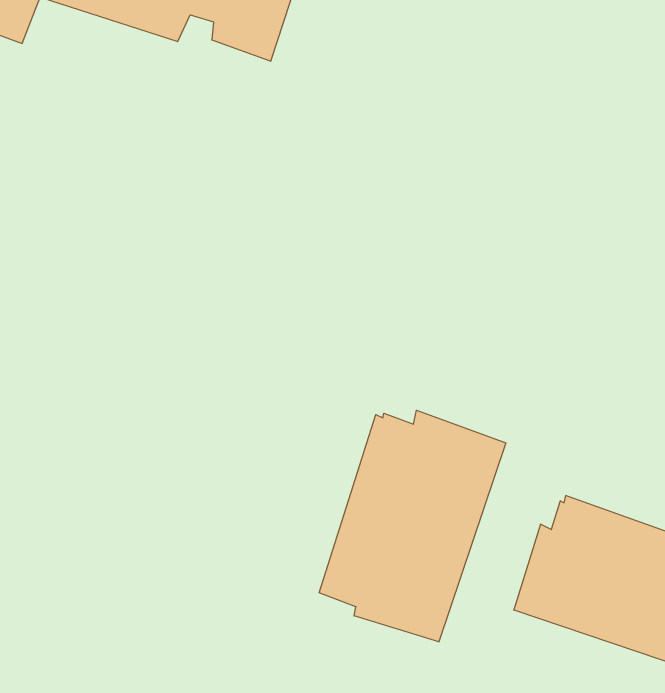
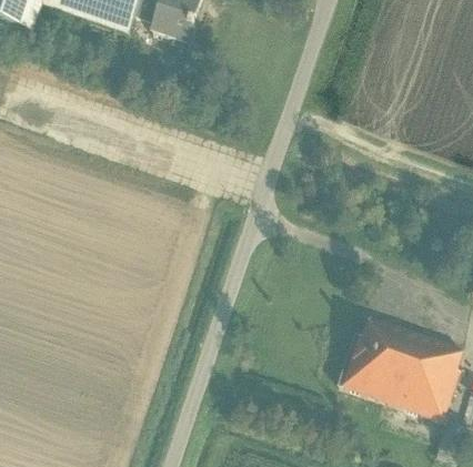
building: [319,410,506,642] -> none

